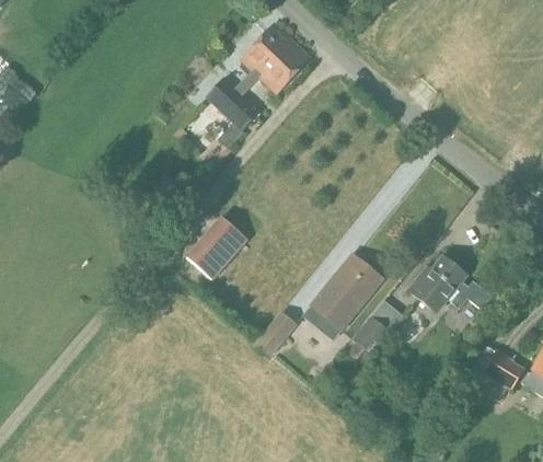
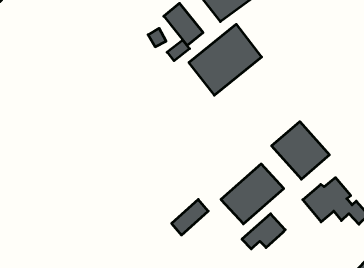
building: none -> [189,24,262,95]
building: none -> [272,122,329,179]
building: [186,216,246,278] -> none

